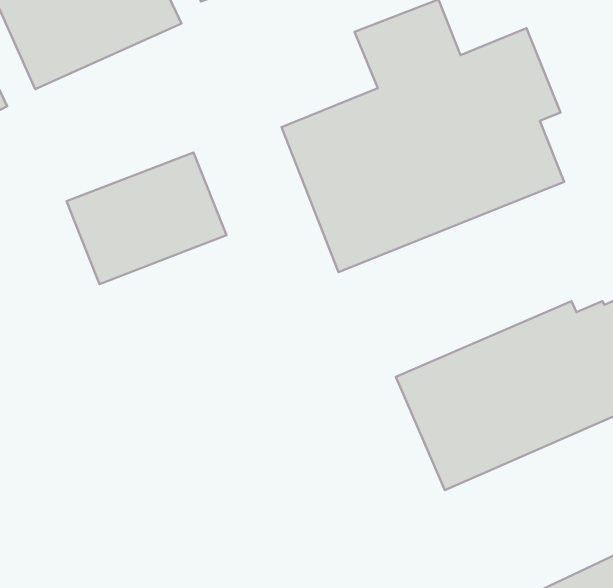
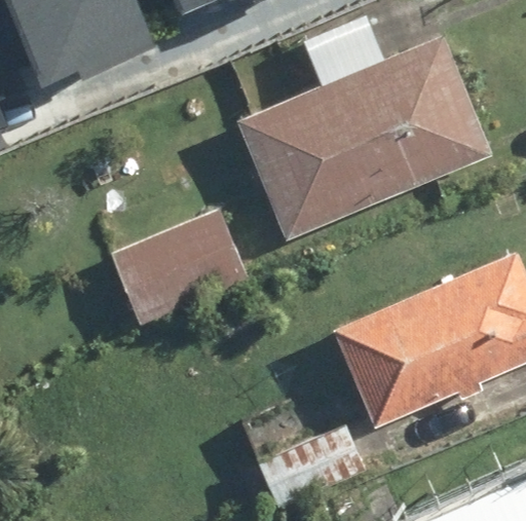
building: [67,152,226,284] -> [111,212,246,323]

